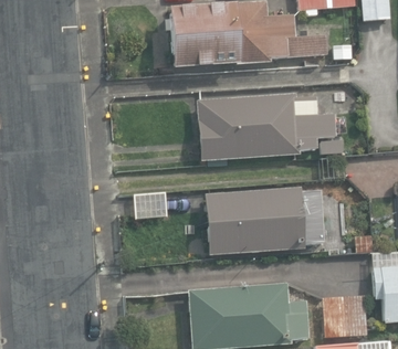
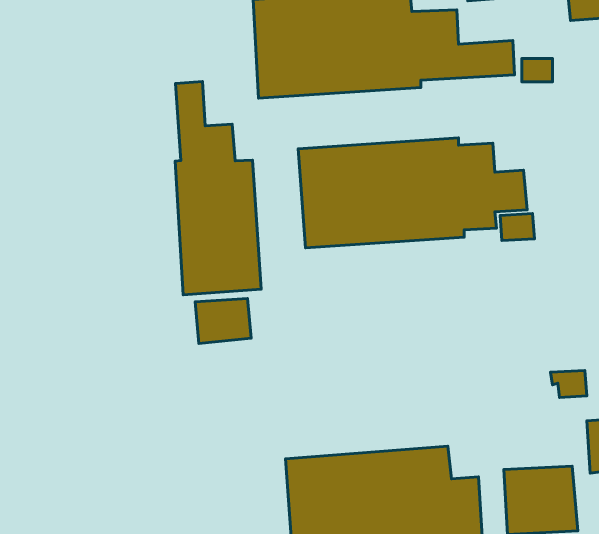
building: none -> [175,82,261,295]
building: [206,187,326,254] -> none

